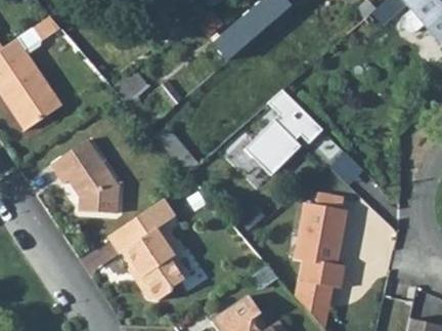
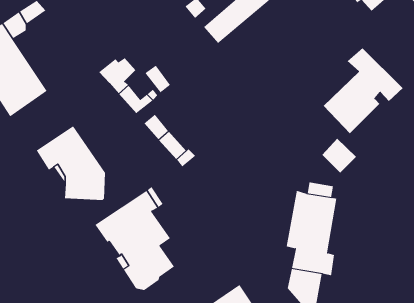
building: [246,89,324,174] -> [323,47,403,134]

